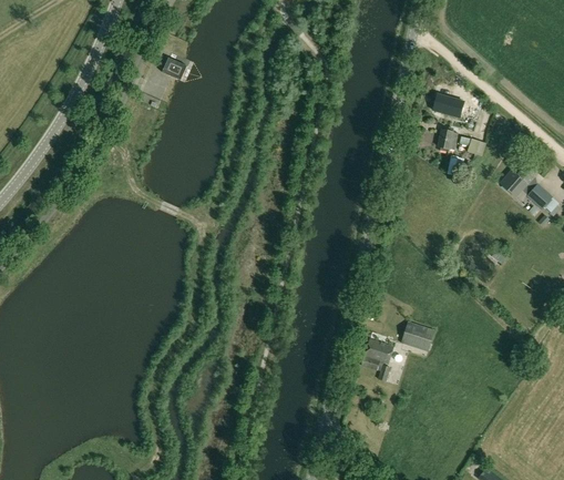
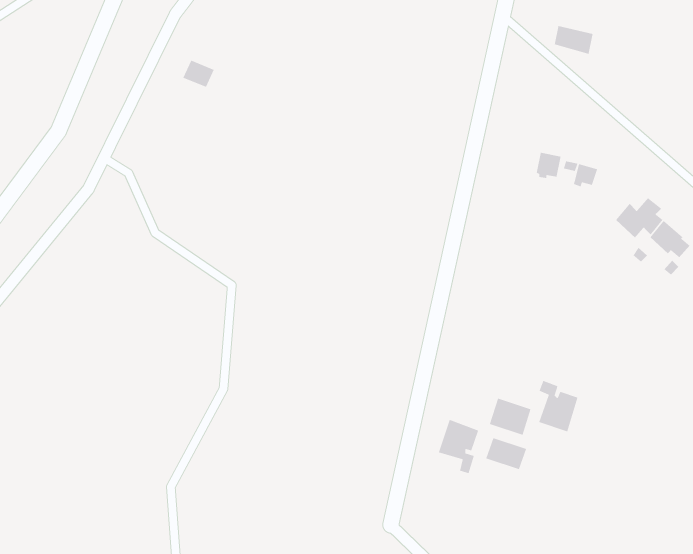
building: [434,93,465,116] -> [554,25,593,55]
building: none -> [538,380,578,433]
building: none -> [485,437,527,470]

